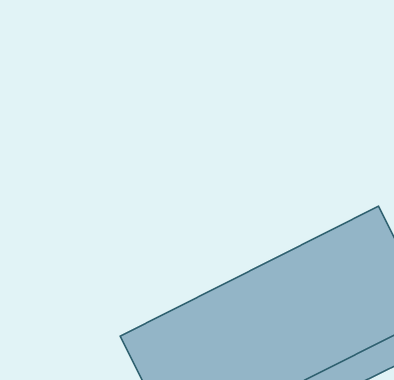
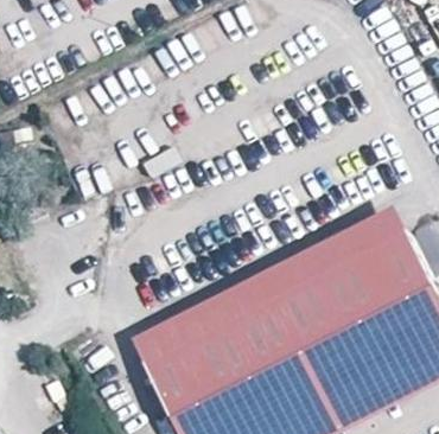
building: none -> [131,204,407,362]

